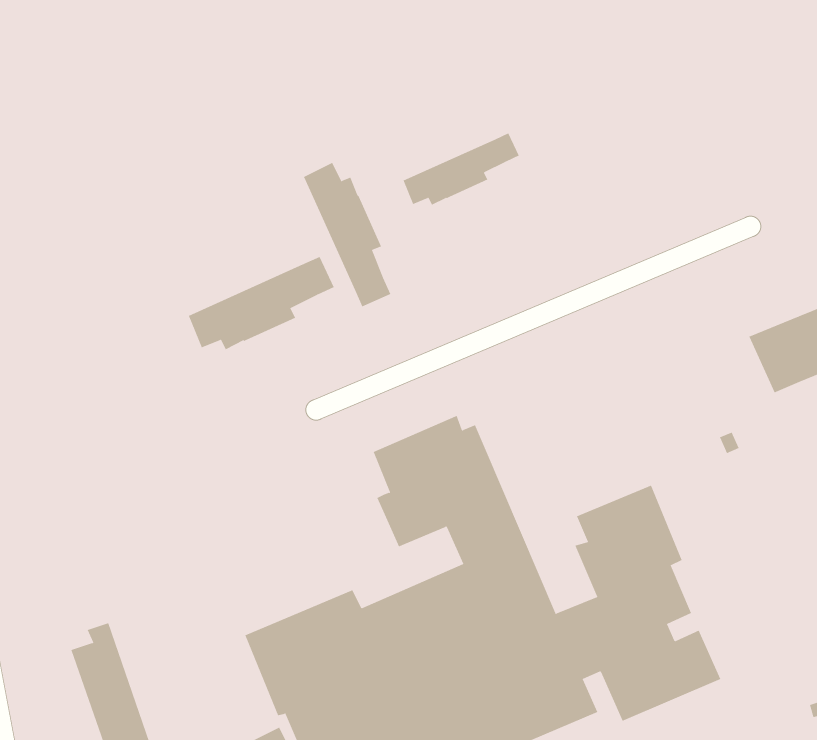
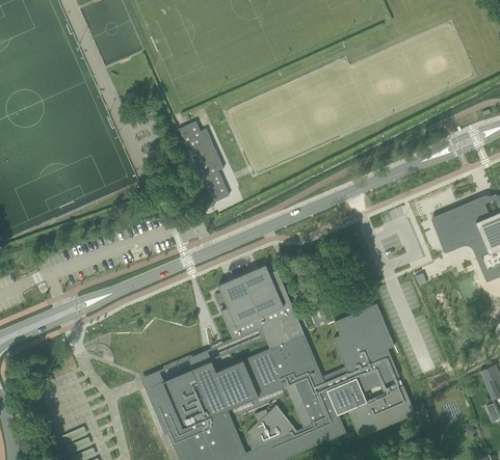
building: [403,133,519,206] -> none
building: [188,256,334,350] -> none

